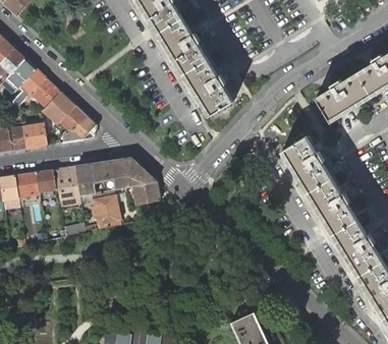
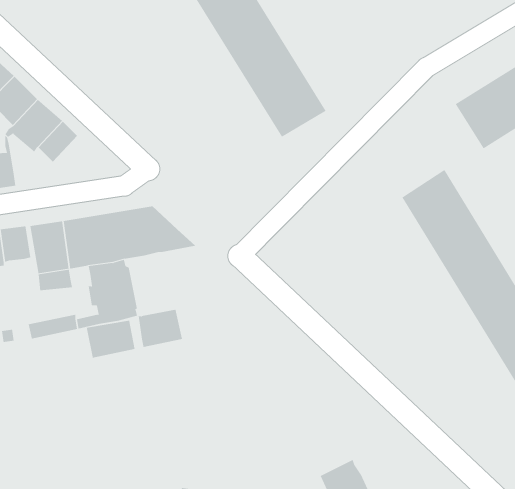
building: [61,115,96,144] -> none
building: [132,182,160,206] -> [138,309,183,348]
building: none -> [86,320,135,359]

